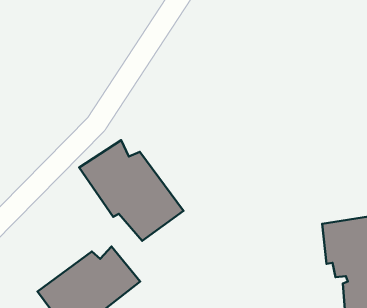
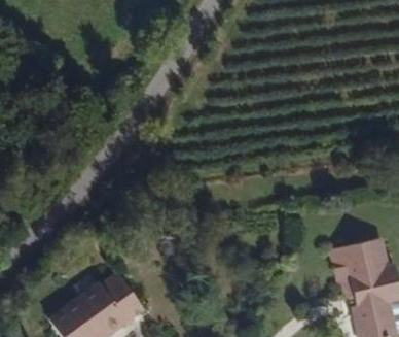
building: [79,140,183,241] -> none

